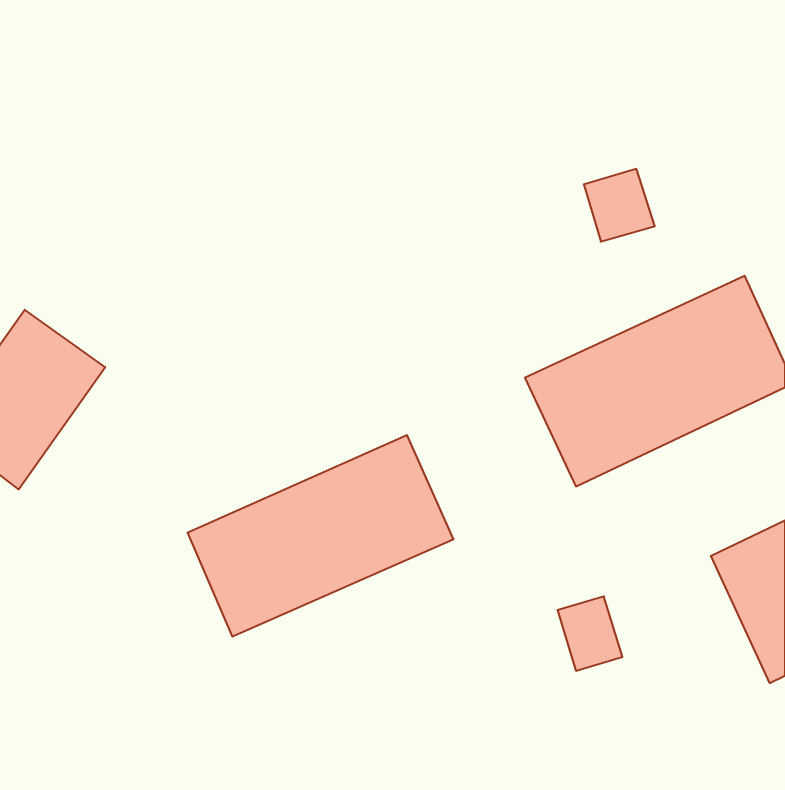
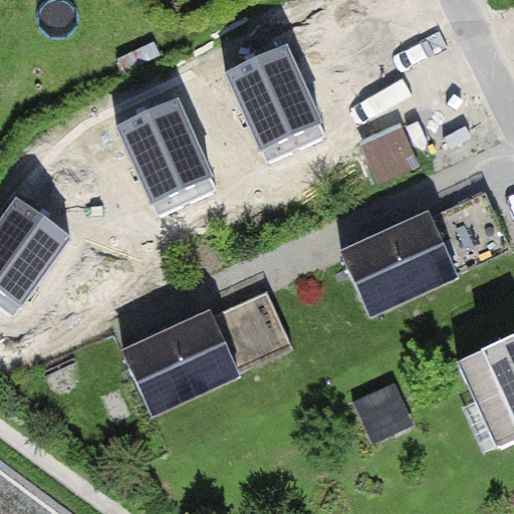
building: none -> [225,47,325,164]
building: none -> [115,99,216,217]

